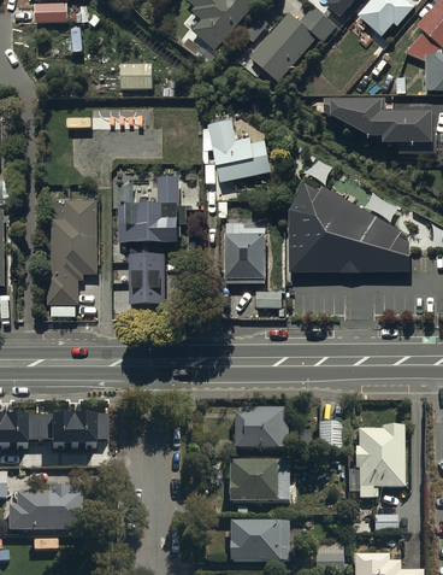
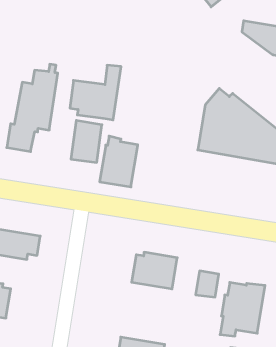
building: [206,119,268,182] -> none
building: [223,223,264,283] -> [100,136,138,187]
building: [230,465,289,506] -> none

